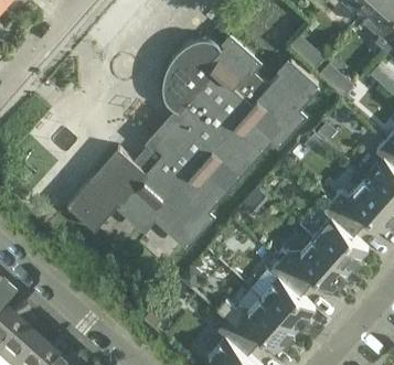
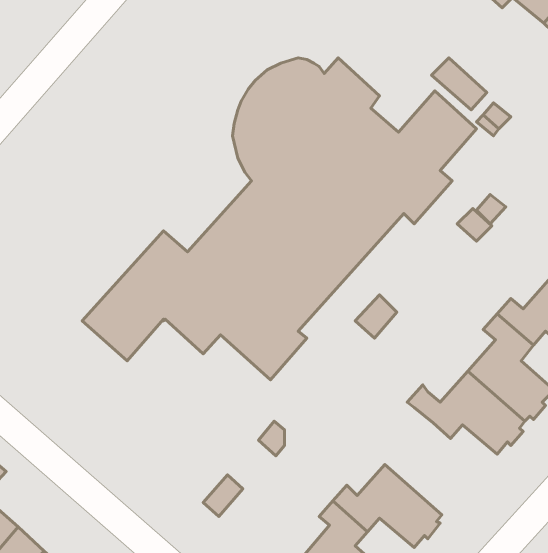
building: [259,261,315,330] -> none

